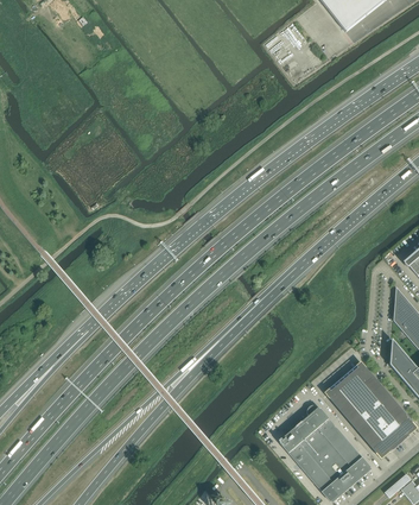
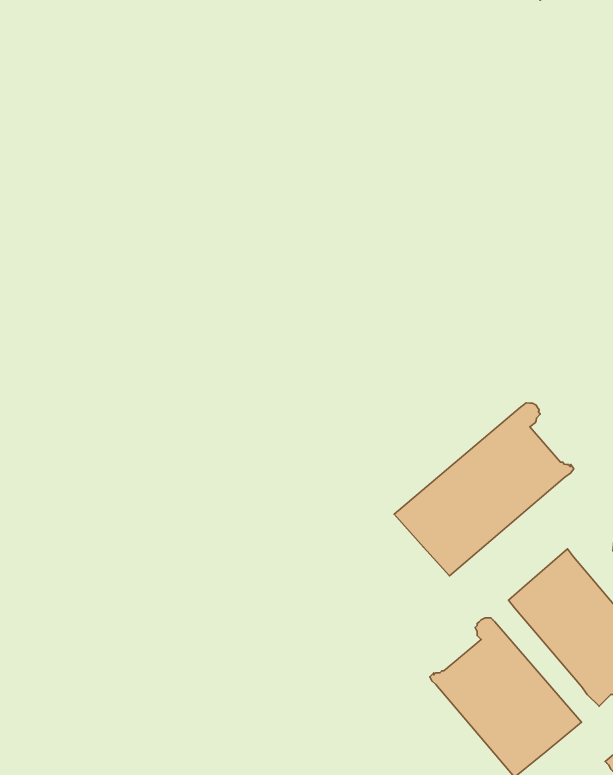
building: none -> [394,403,574,576]

